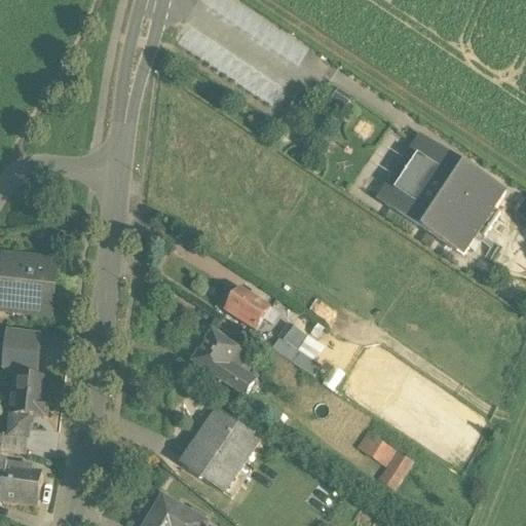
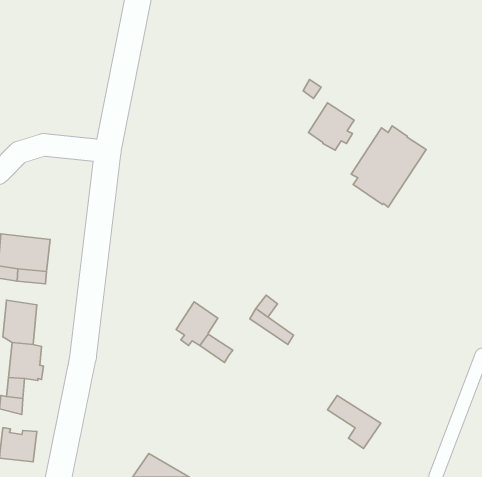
building: none -> [308,103,354,150]
building: [421,162,504,253] -> none
building: [222,285,269,328] -> none
building: [180,407,259,495] -> none

